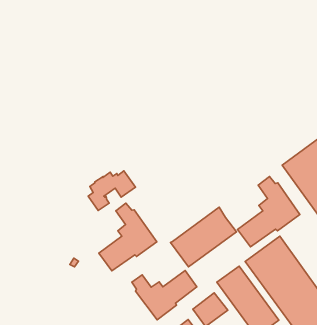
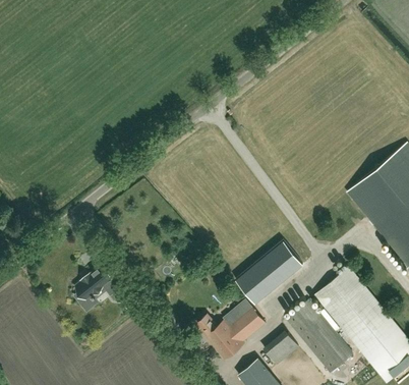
building: [88,171,136,210] -> [75,267,124,310]
building: [237,177,300,247] -> none
building: [99,203,157,271] -> none

